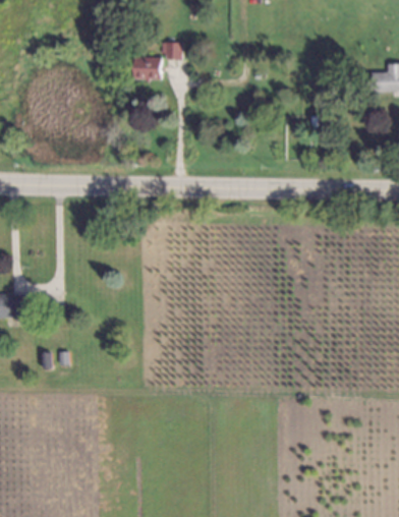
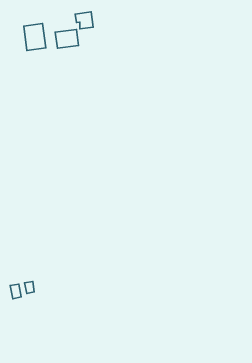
building: none -> [24,24,46,50]

